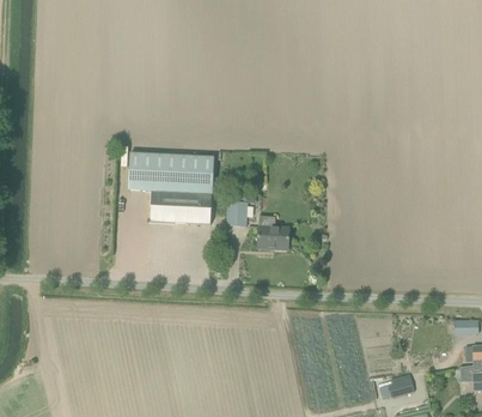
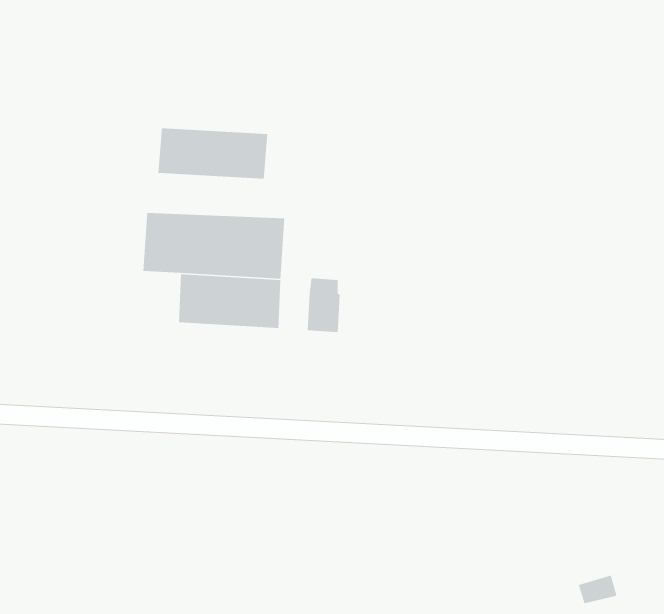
building: none -> [158,128,268,180]
building: [257,216,289,249] -> none

